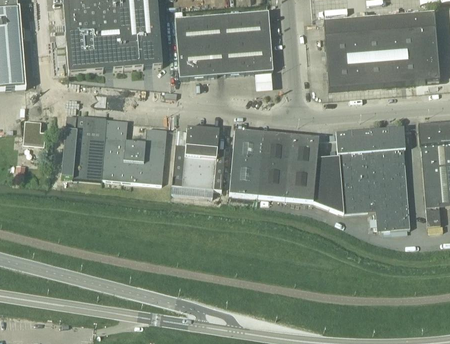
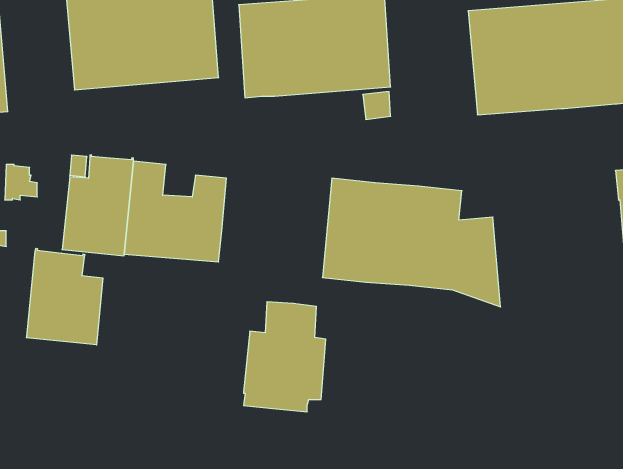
building: [172,125,225,196] -> [244,302,326,412]
building: [336,126,410,230] -> none
building: none -> [26,248,103,345]

